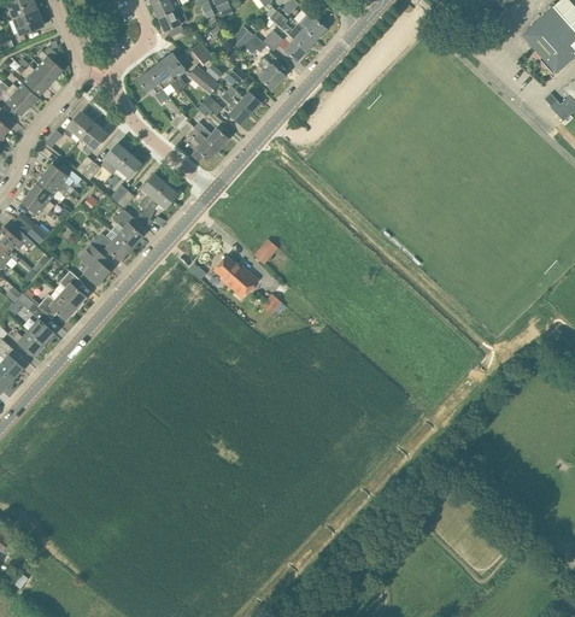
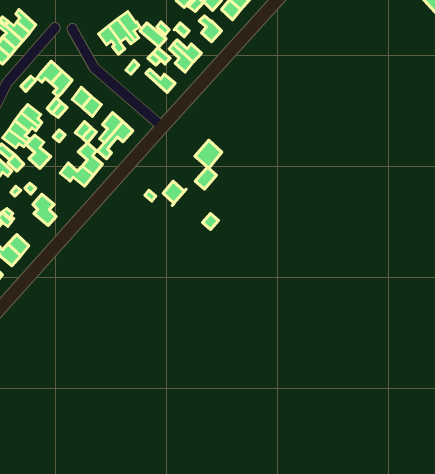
building: [178,121,219,164] -> none
building: [81,246,111,286] -> [26,135,51,169]
building: [225,265,258,299] -> [195,140,222,168]
building: [39,294,77,321] -> none

